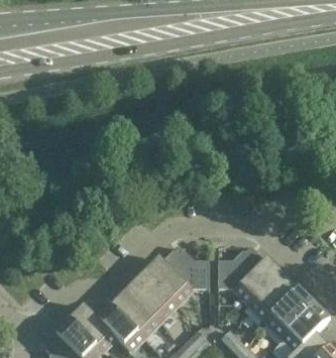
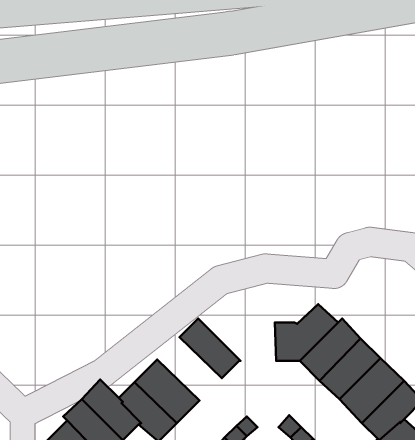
building: [161,246,208,289] -> none
building: [127,271,177,320] -> none

